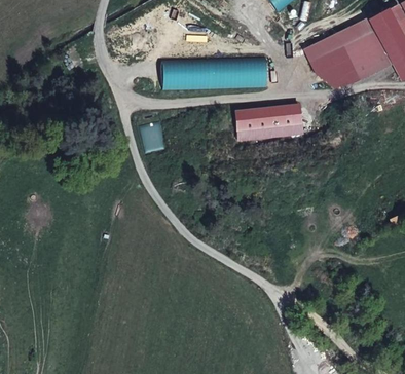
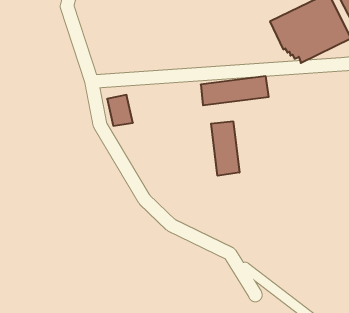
building: none -> [211,121,239,176]

